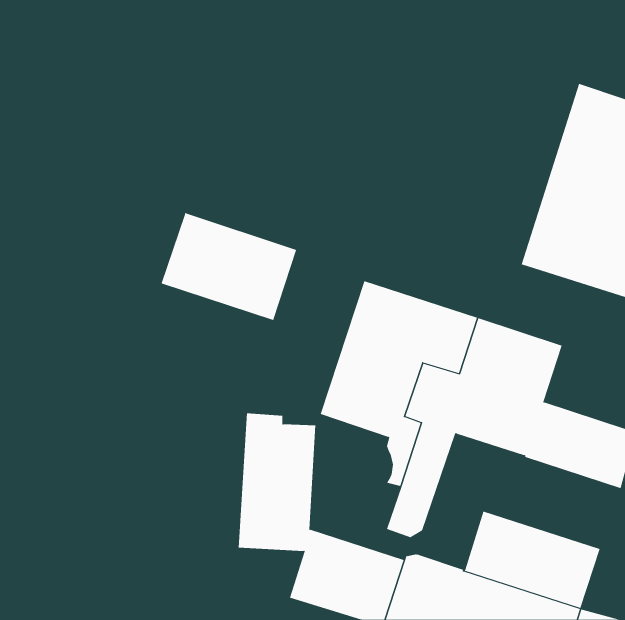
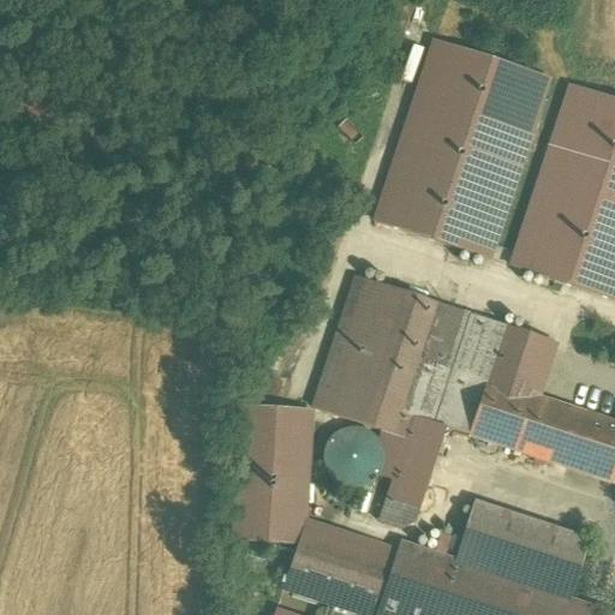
building: none -> [377,37,550,256]
building: [161,212,297,321] -> none
building: none -> [323,425,386,486]

